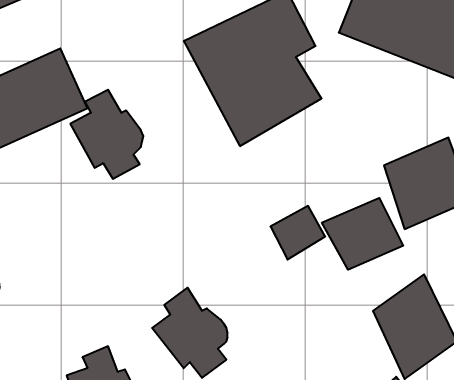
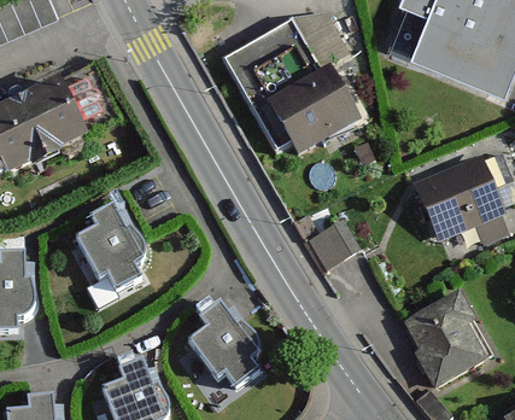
building: [70,90,143,179] -> [77,204,150,292]
building: [322,198,403,270] -> none

